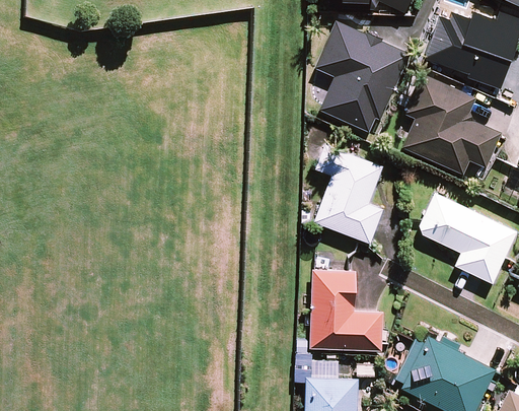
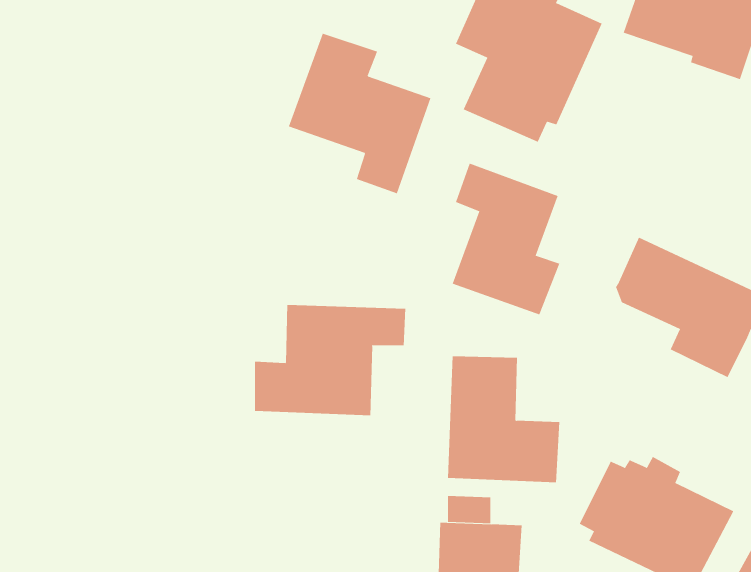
building: none -> [288,33,431,194]
building: [402,73,501,174] -> none
building: none -> [254,304,406,416]

